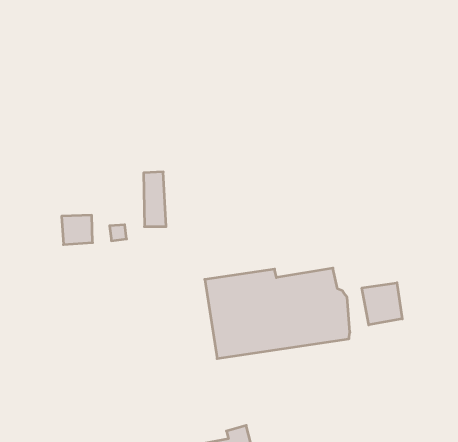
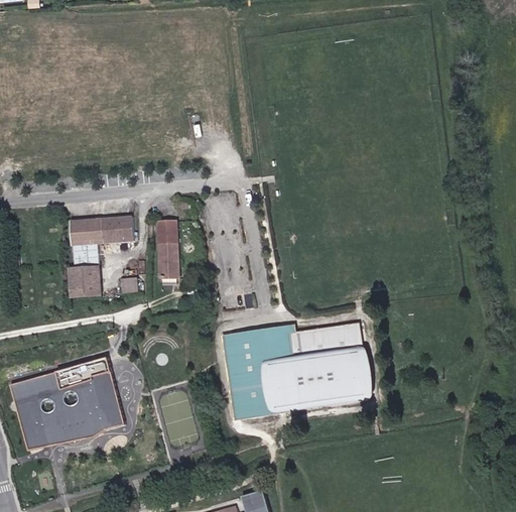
building: none -> [69,216,133,245]
building: [362,283,402,325] -> none
building: none -> [7,359,123,450]

